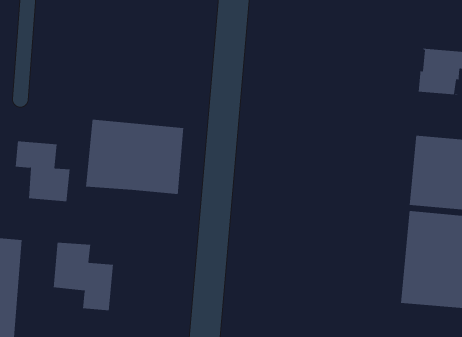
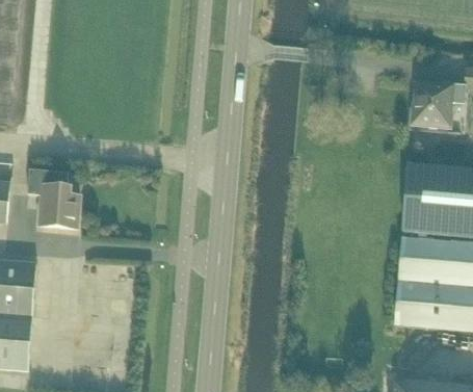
building: [86,119,184,195] -> none
building: [53,242,113,311] -> none

